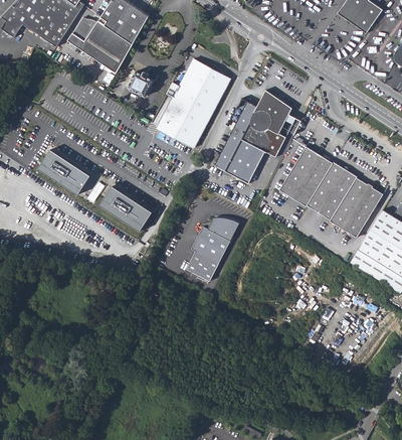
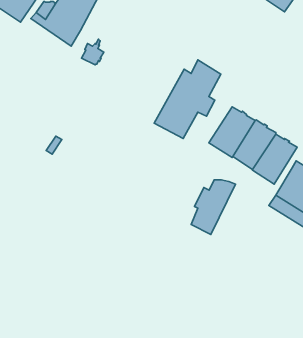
building: [157,60,232,149] -> none
building: [39,147,90,193] -> none
building: [102,184,154,230] -> none
building: [187,216,239,281] -> [191,180,236,235]

